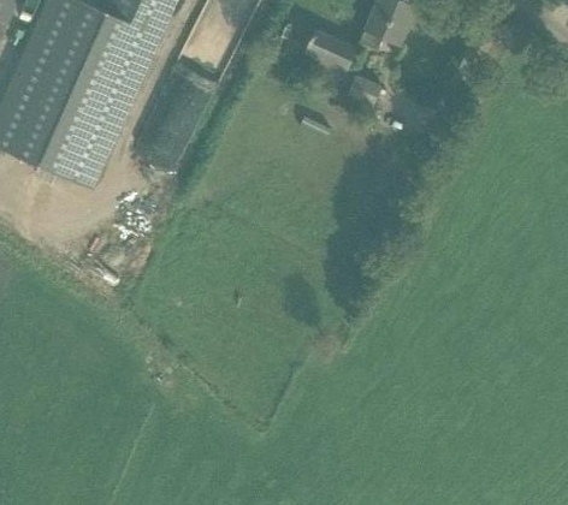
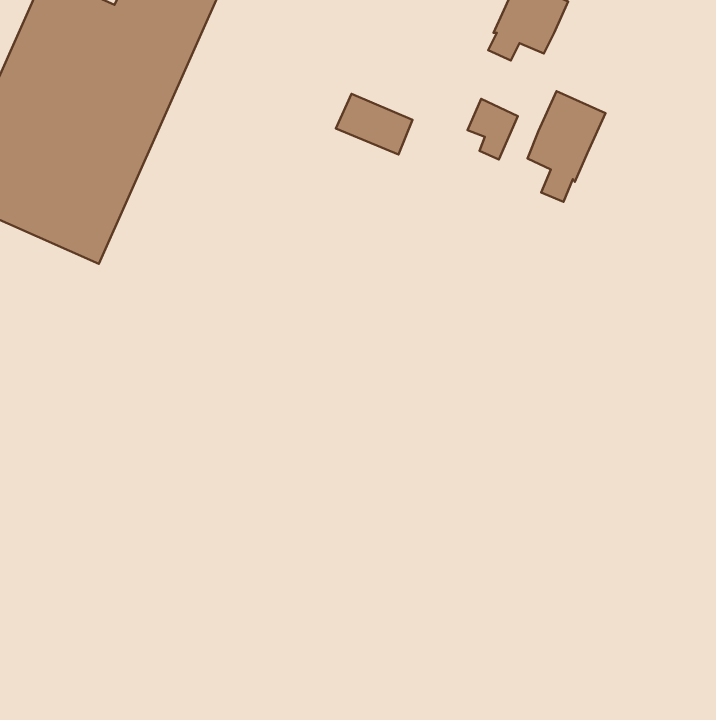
building: [303,29,356,71] -> [336,94,412,155]
building: none -> [527,91,606,202]

